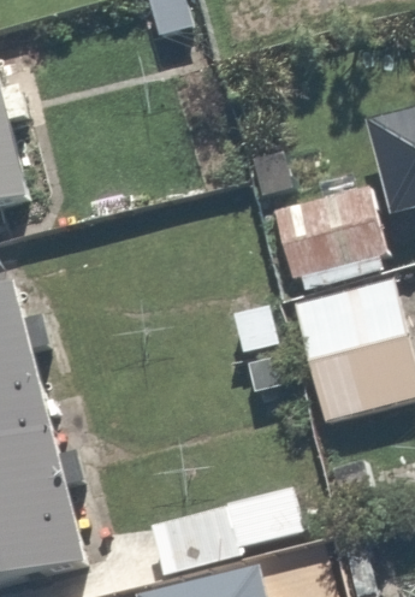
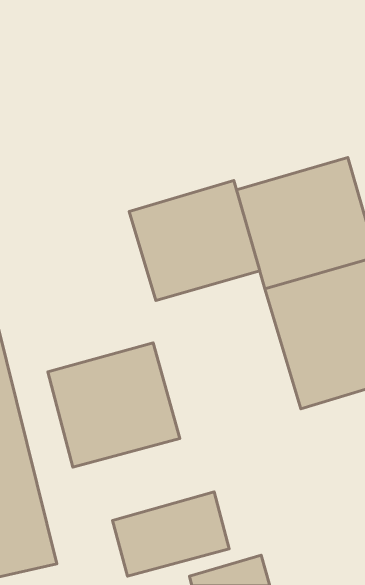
building: none -> [129,180,260,301]
building: none -> [48,343,180,467]

